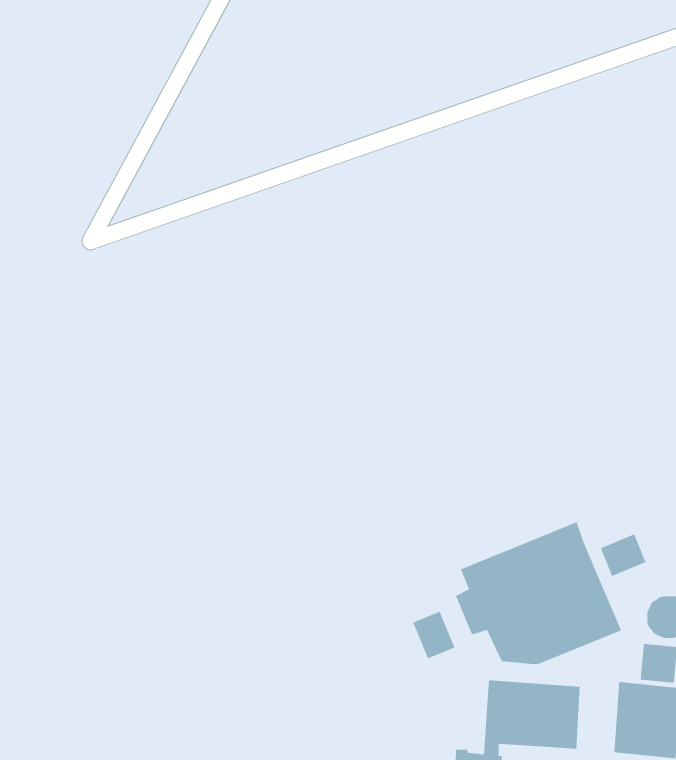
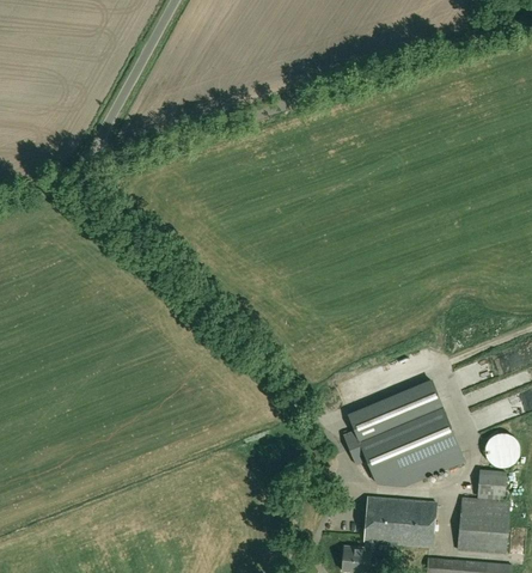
building: [600,534,646,577] -> none
building: [413,611,455,659] -> none

